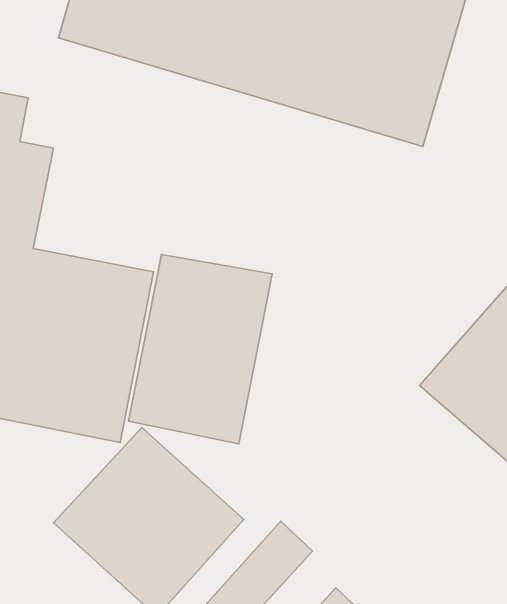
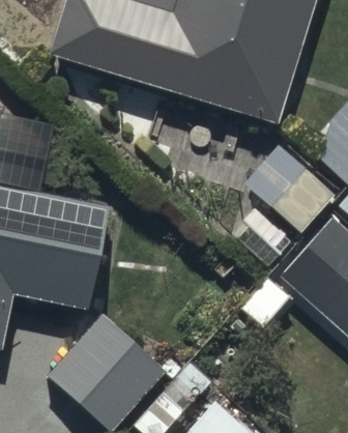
building: [128,254,272,444] -> none

